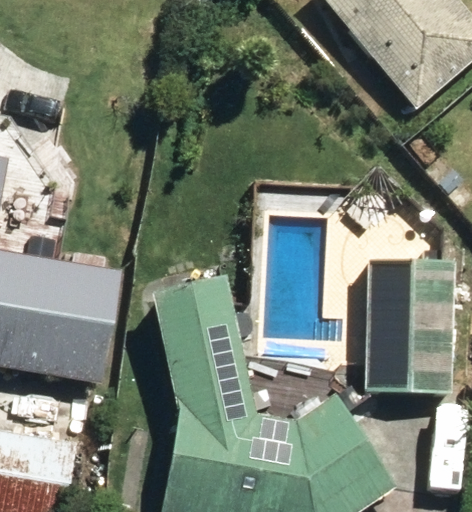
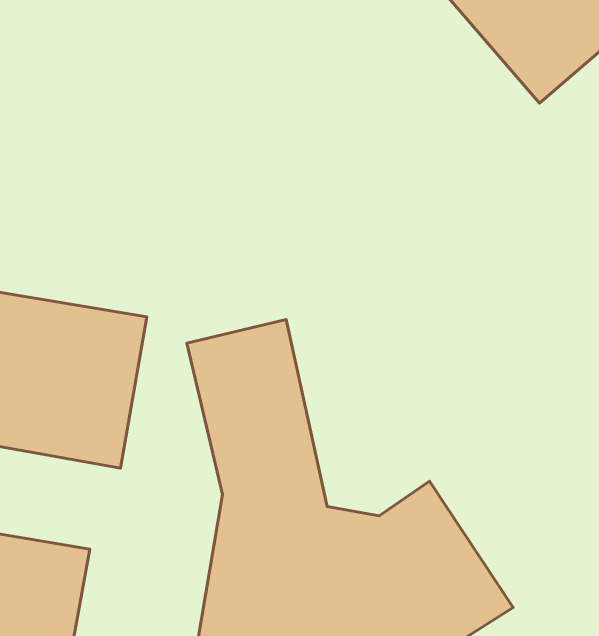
building: [366,257,456,393] -> none

